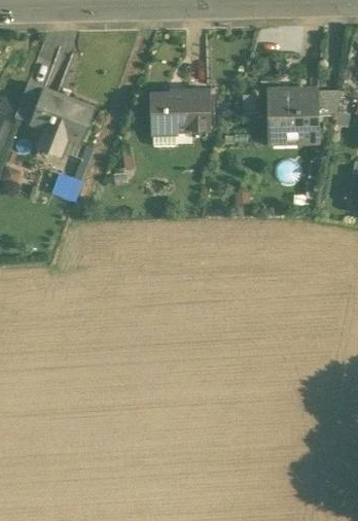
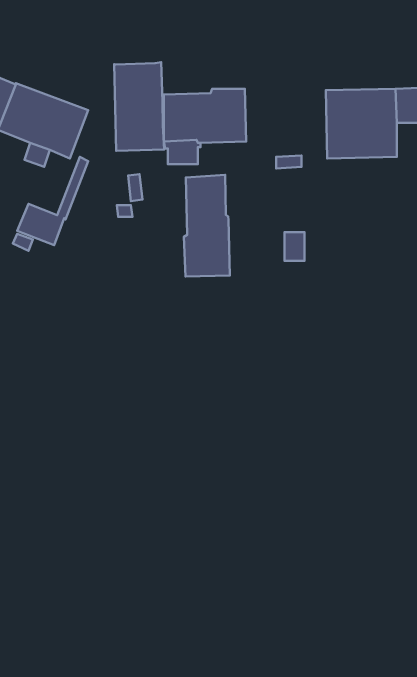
building: none -> [114,62,164,151]
building: none -> [184,175,230,277]

